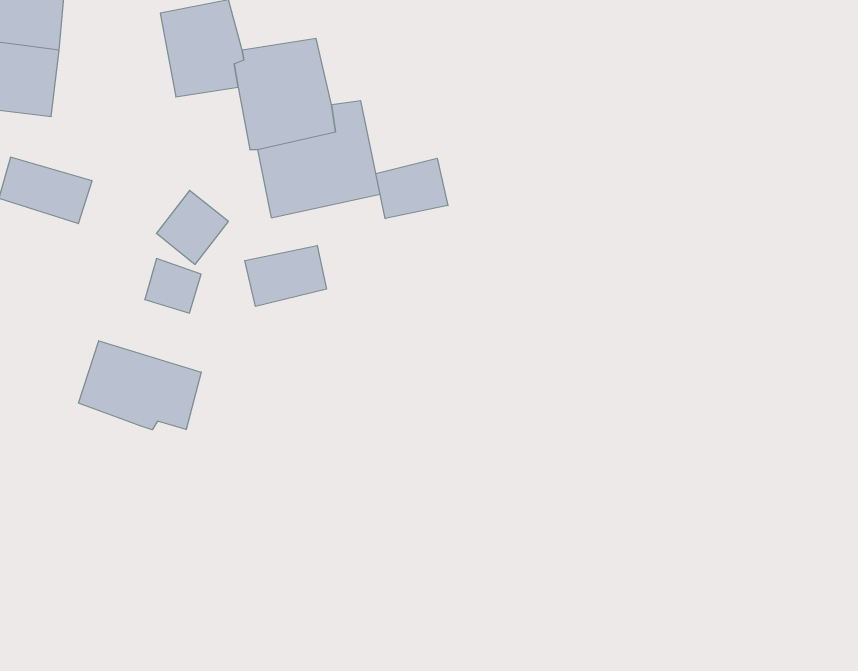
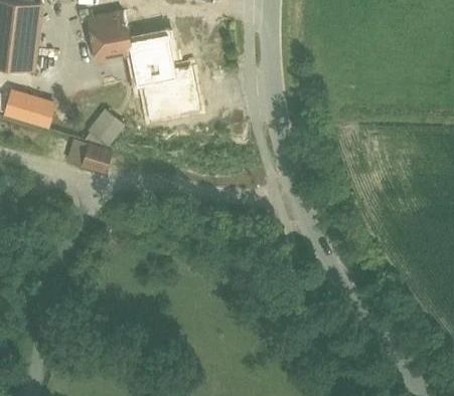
building: [376,158,448,219] -> none
building: [245,245,326,306] -> none
building: [79,341,201,430] -> none

